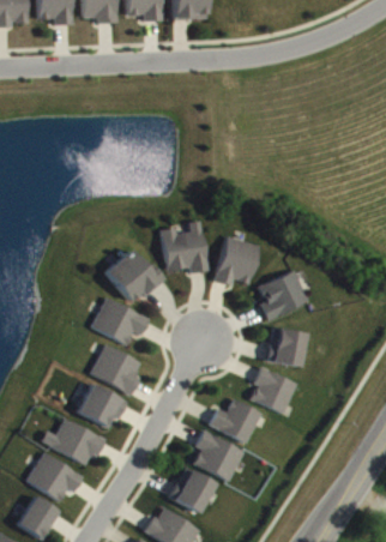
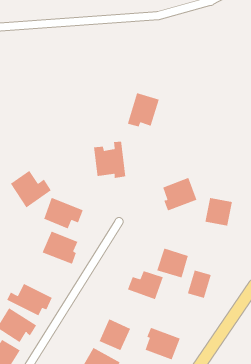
building: [213,236,259,285] -> [127,92,160,128]
building: [104,251,163,305] -> [10,170,52,209]
building: [264,327,303,368] -> [204,197,233,227]
building: [76,384,126,428] -> none
building: none -> [187,270,212,299]
building: [192,433,242,480] -> [145,327,181,361]

